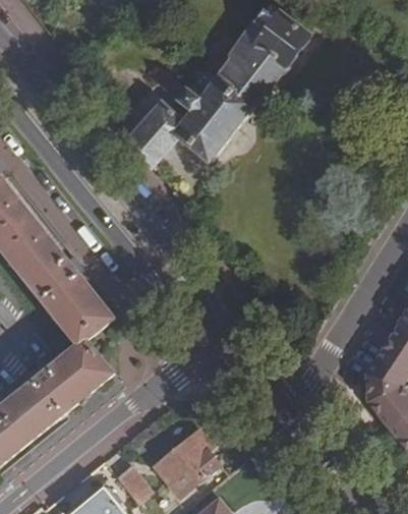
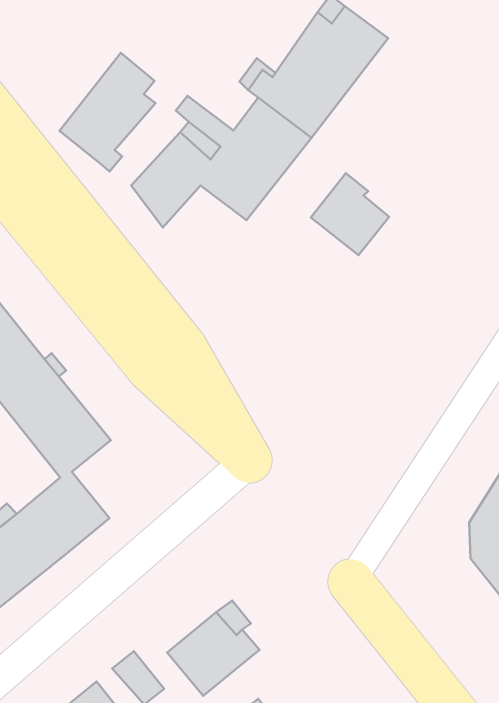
building: none -> [59,53,156,171]
building: none -> [311,173,389,255]

